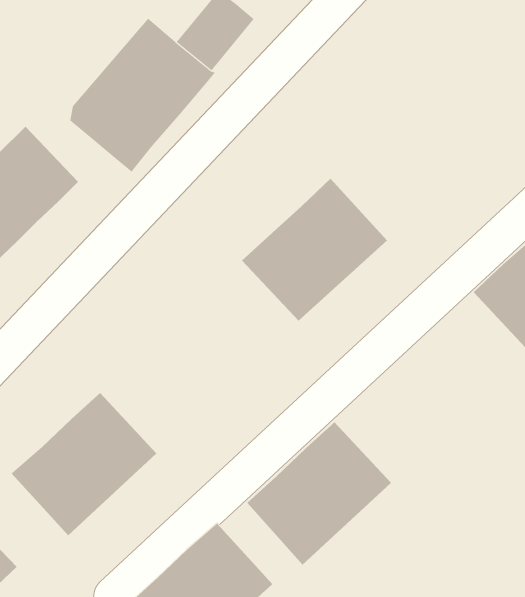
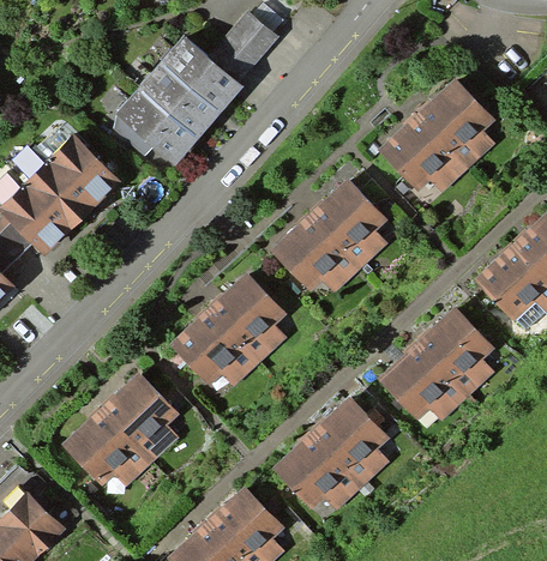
building: none -> [375,76,507,205]
building: none -> [168,272,300,402]
building: none -> [378,304,510,434]

